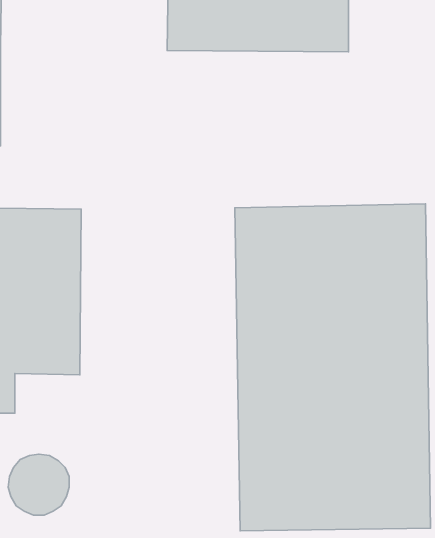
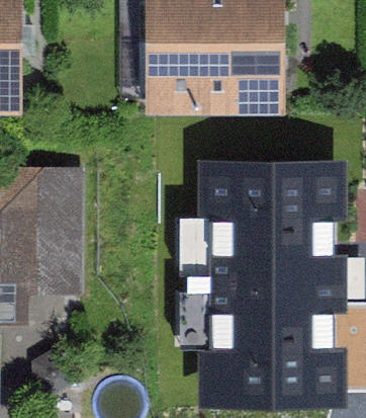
building: none -> [147,43,285,112]

